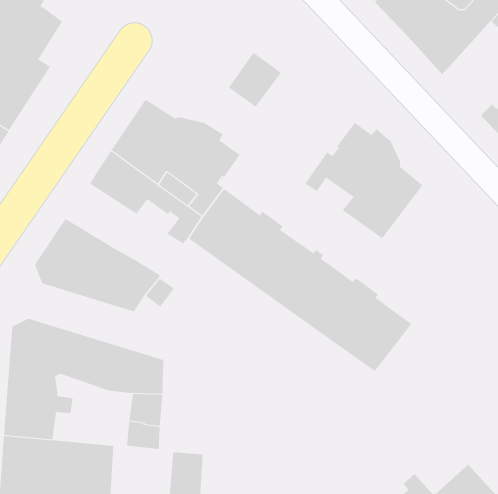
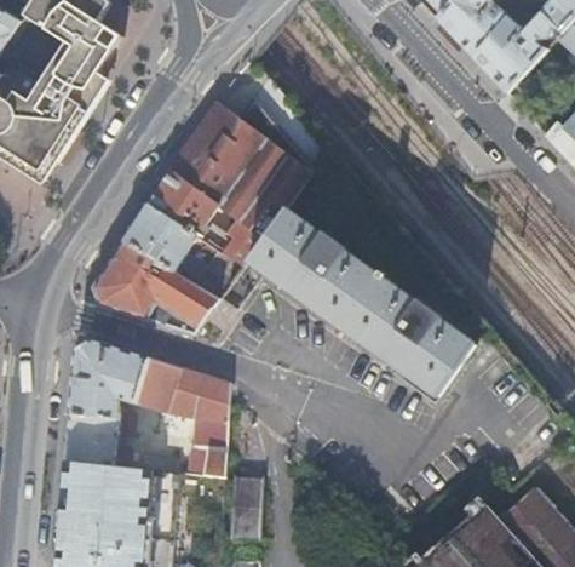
building: [228,52,282,108] -> none
building: [305,122,423,239] -> none
building: none -> [125,202,245,296]

